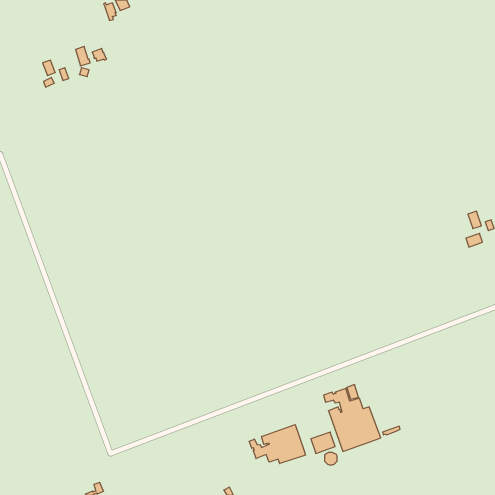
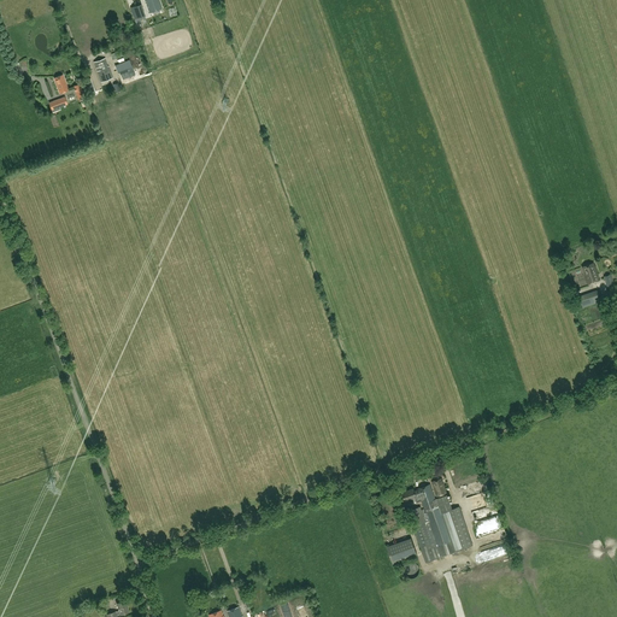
building: [249,425,306,464] -> none

